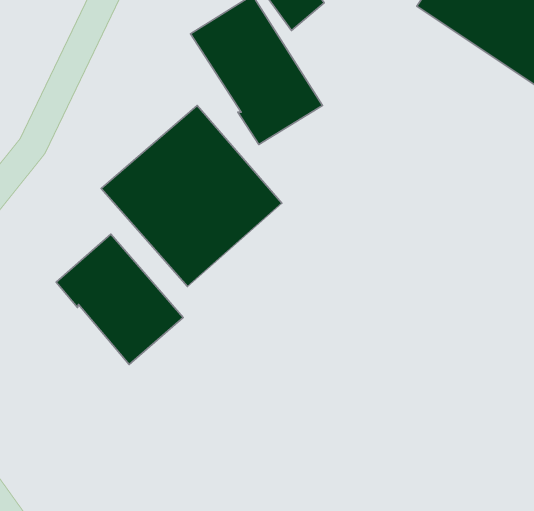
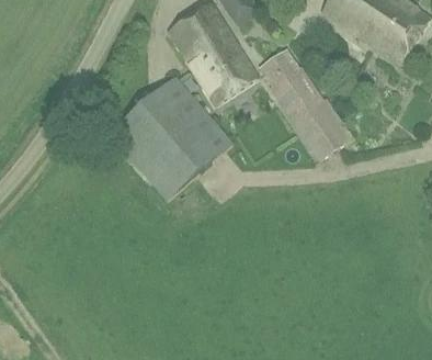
building: none -> [258,48,350,160]
building: [56,234,183,364] -> none

